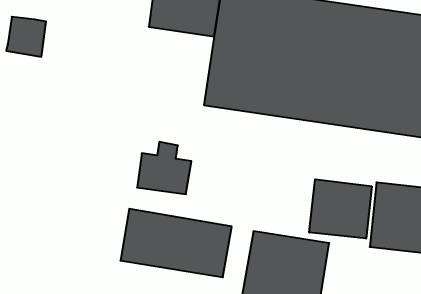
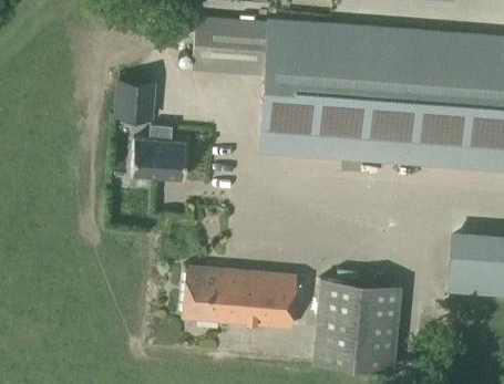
building: [6,17,46,57] -> [115,82,155,122]
building: [137,142,191,194] -> [132,127,187,180]
building: [309,179,372,239] -> none

